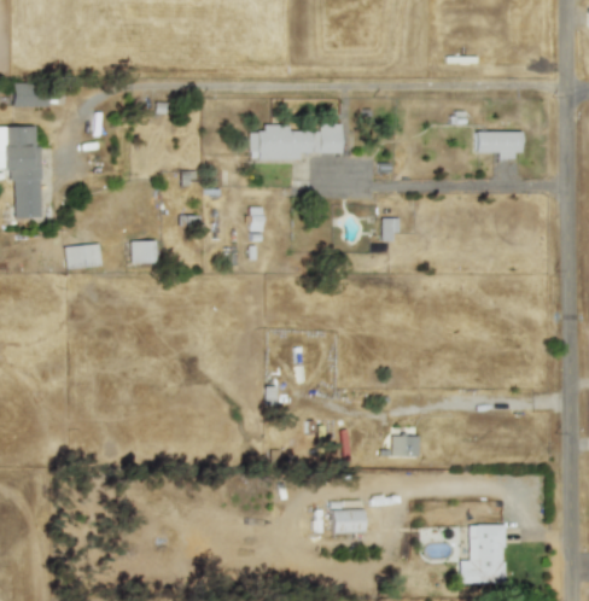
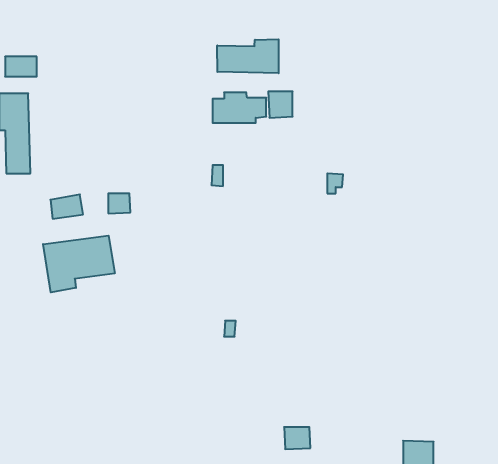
building: none -> [217,39,279,73]
building: [477,130,520,159] -> none
building: none -> [43,236,115,292]
building: [392,436,420,456] -> none

